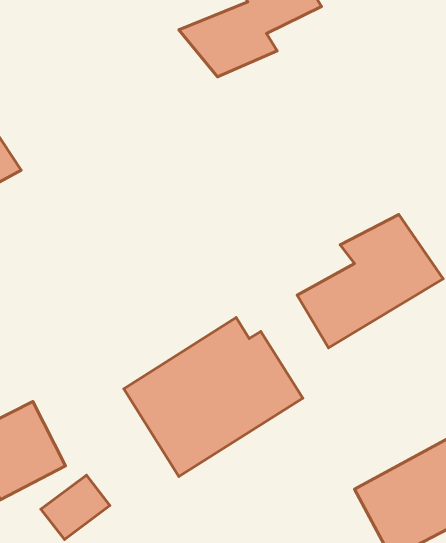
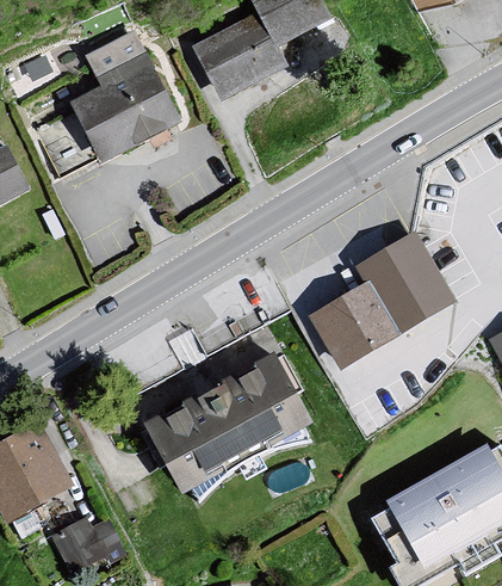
building: none -> [69,32,184,158]

